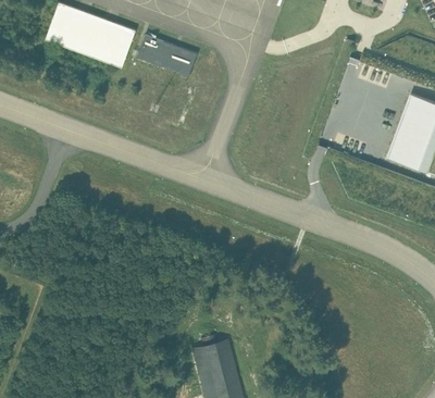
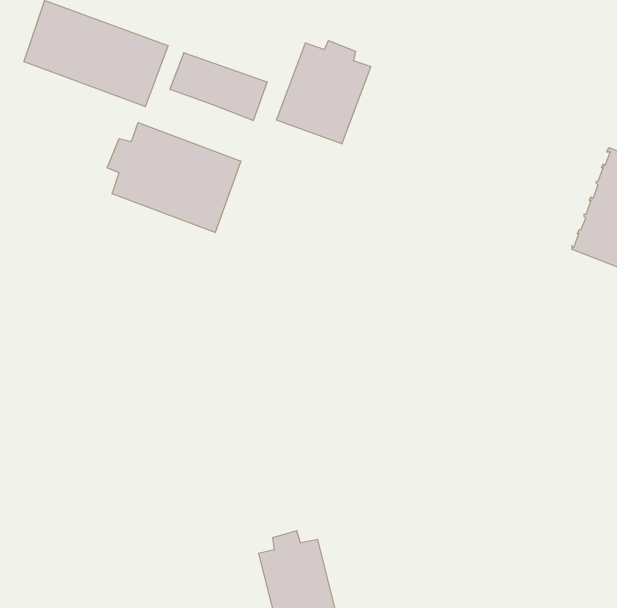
building: none -> [276,40,371,144]
building: none -> [107,123,241,233]

